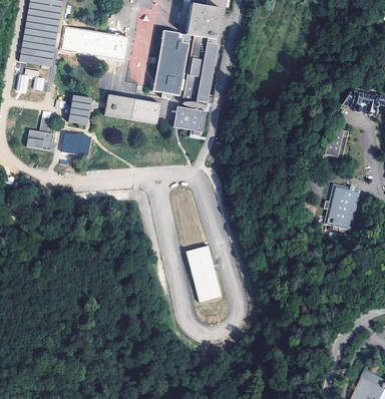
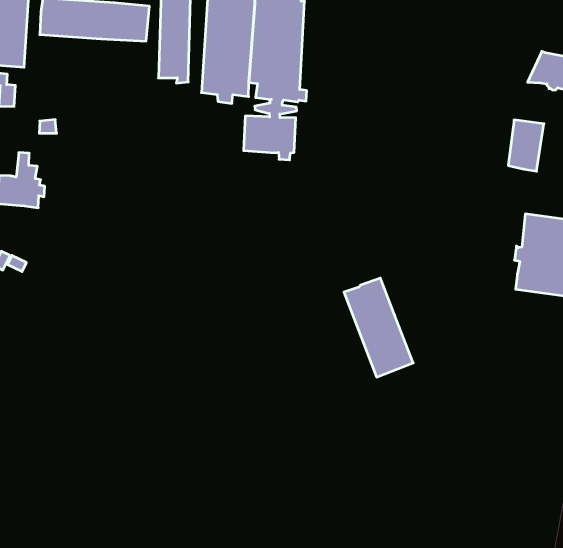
building: [69,94,92,123] -> none
building: [104,94,163,125] -> none
building: [63,131,91,153] -> none
building: [185,244,222,301] -> [344,278,413,377]

